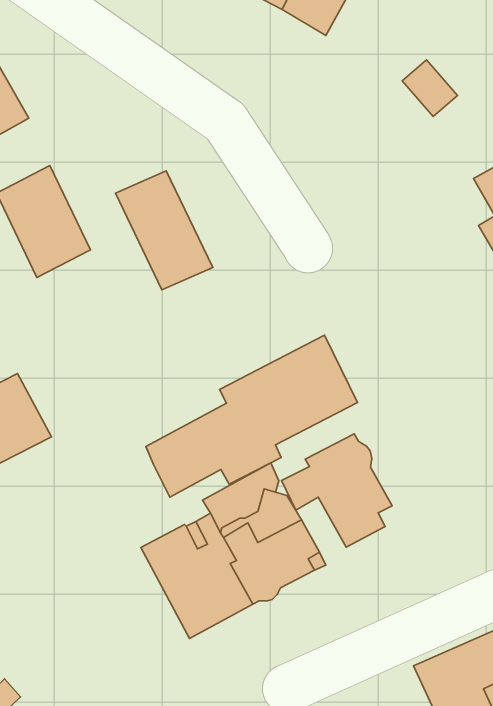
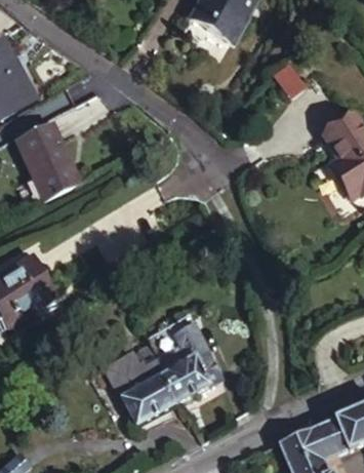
building: [115,171,213,290] -> none
building: [146,335,358,497] -> none
building: [282,434,392,547] -> none

